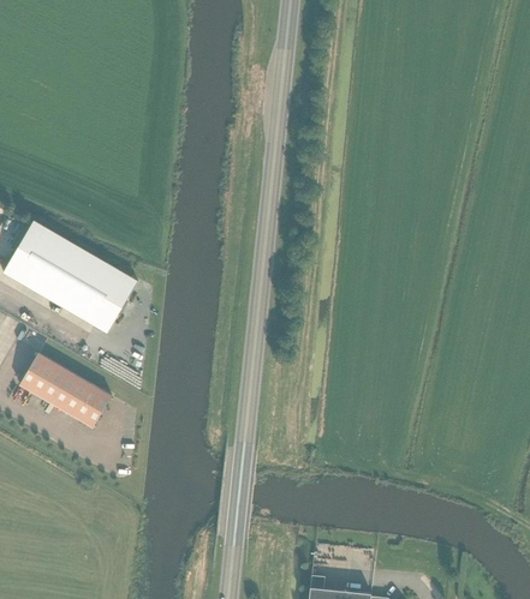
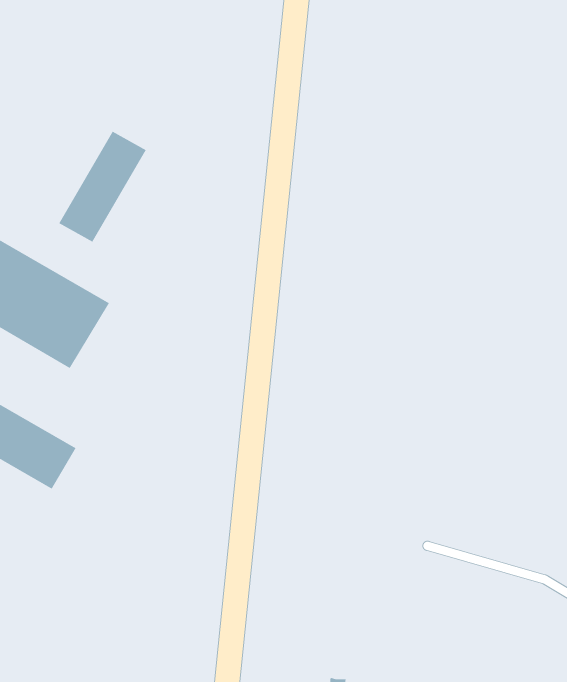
building: none -> [59,131,146,242]

